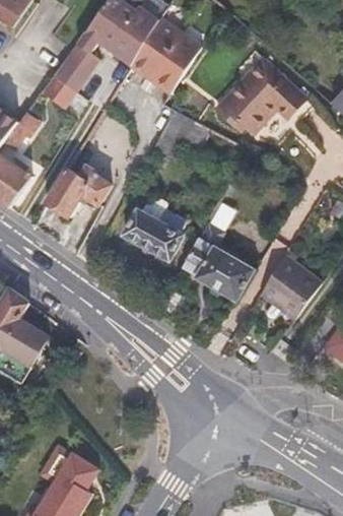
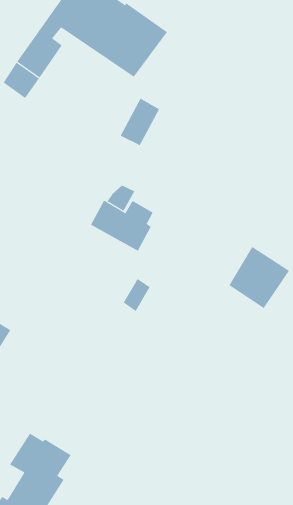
building: [217,60,306,135] -> none
building: [46,163,111,217] -> none
building: [183,240,256,302] -> none

